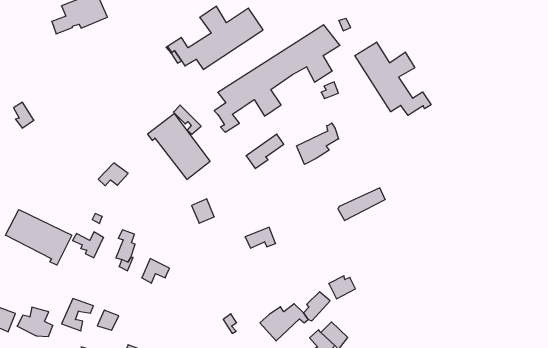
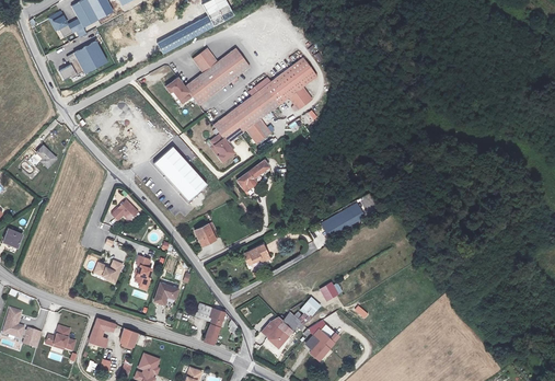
building: [355,42,431,115] -> none
building: [297,123,339,164] -> none
building: [5,210,72,265] -> none
building: none -> [192,300,227,340]

